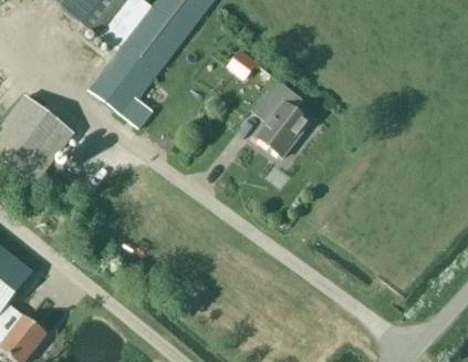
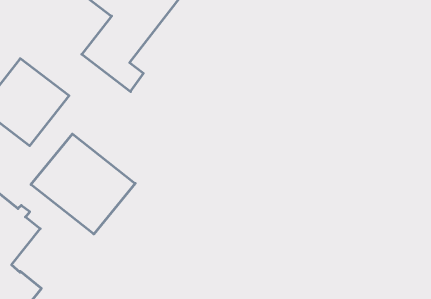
building: [250,77,310,156] -> none
building: none -> [31,134,135,234]

